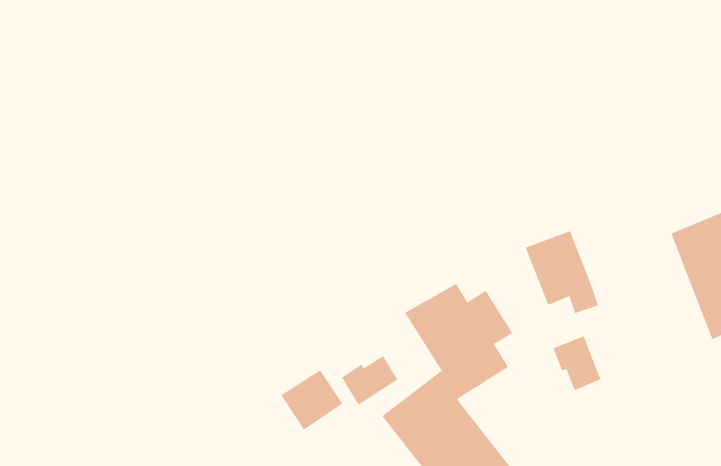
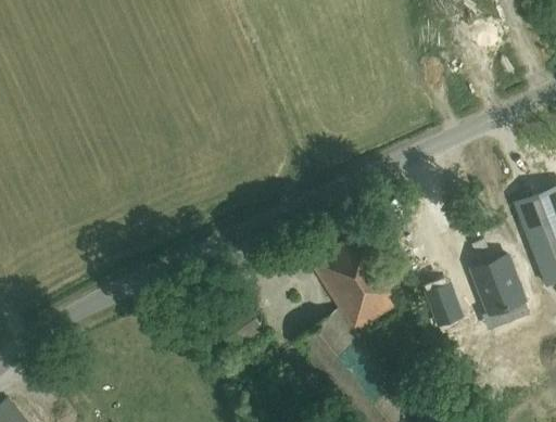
building: [525,230,599,314] -> [472,256,529,320]
building: [341,355,398,405] -> none

